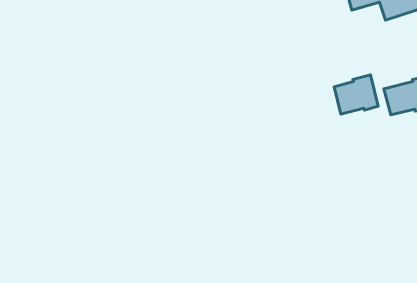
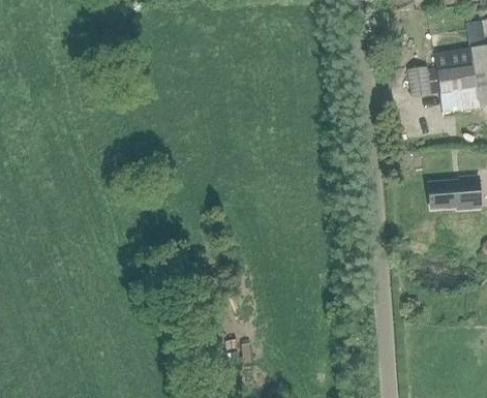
building: [334,75,378,114] -> none

